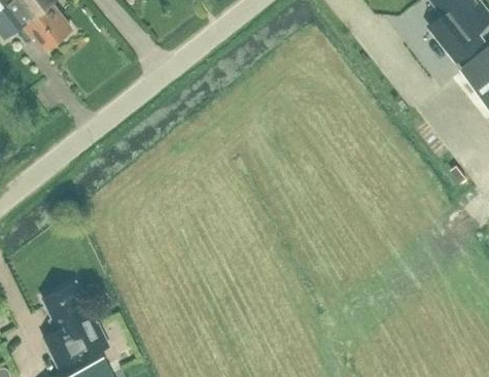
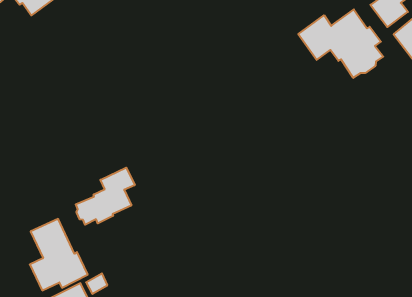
building: none -> [298,9,383,78]
building: none -> [76,168,135,225]

